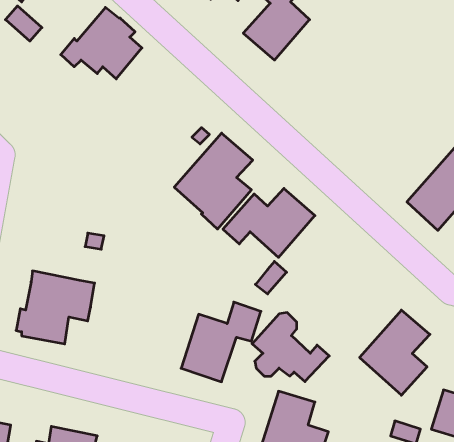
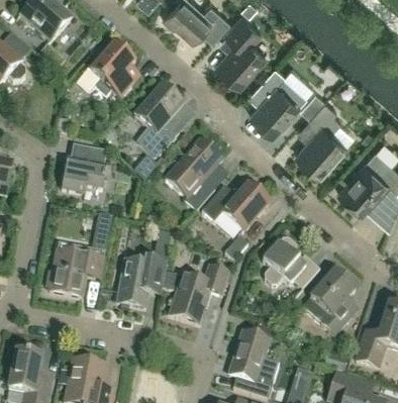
building: none -> [248,64,306,132]
building: none -> [133,85,183,155]
building: none -> [295,98,344,173]
building: none -> [61,147,106,192]
building: none -> [116,259,166,307]
building: [252,313,329,382] -> [262,236,319,288]

